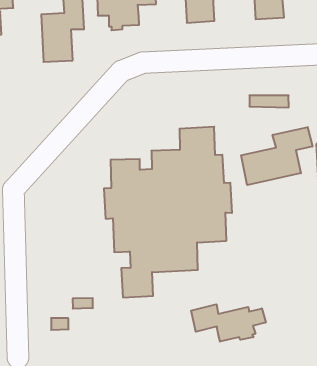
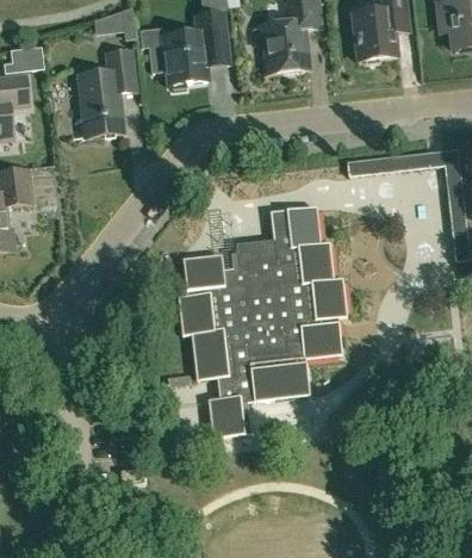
building: [241,127,312,185] -> none
building: [191,304,266,342] -> none

